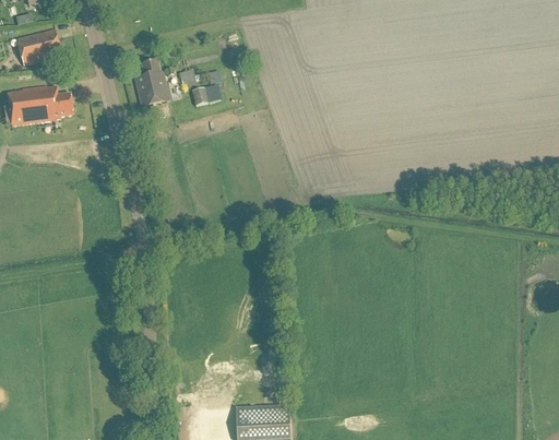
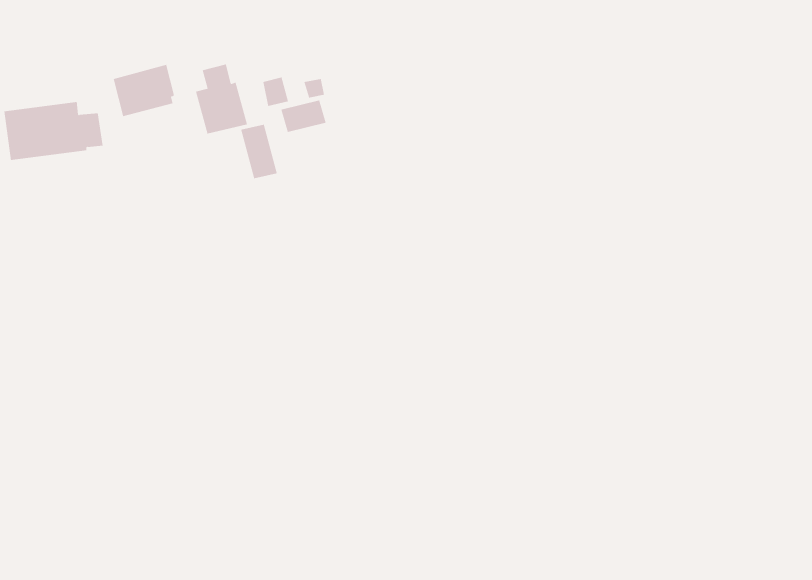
building: [17,28,59,63] -> [113,64,175,117]
building: none -> [240,124,278,179]

